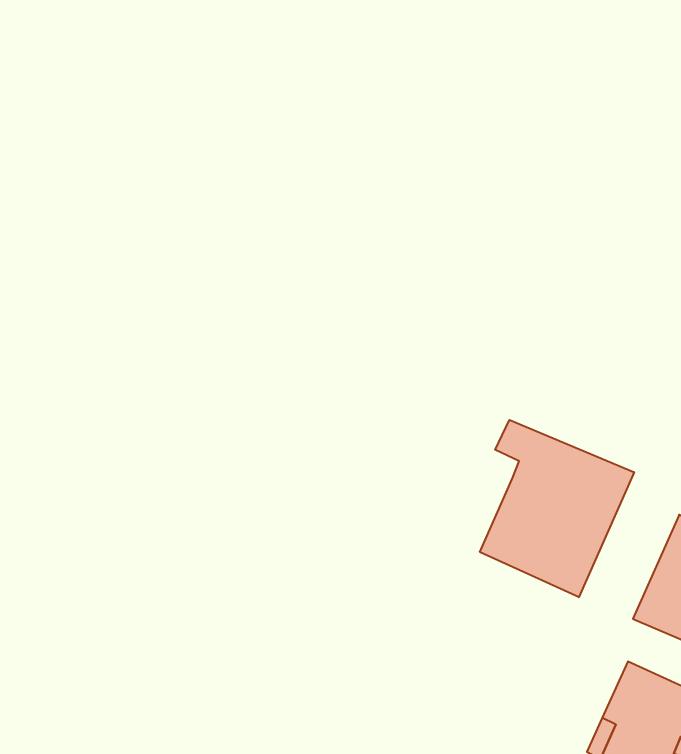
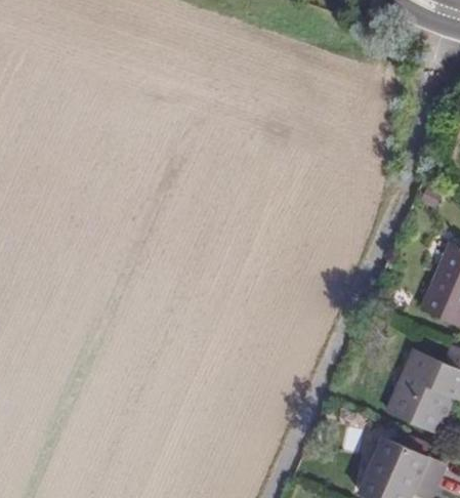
building: [480,420,634,597] -> none

